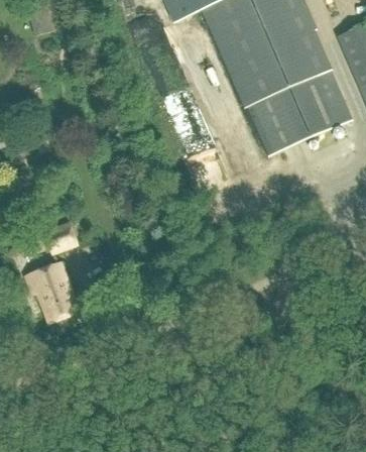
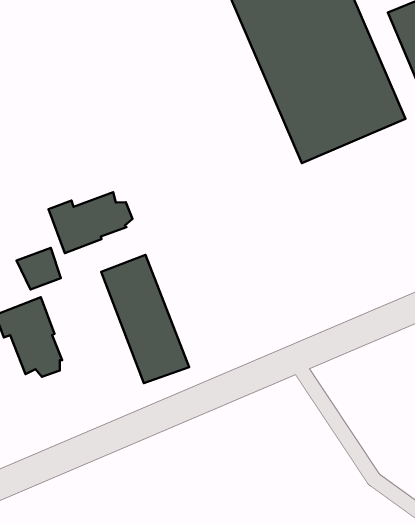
building: none -> [48,192,133,253]
building: none -> [101,255,189,383]

